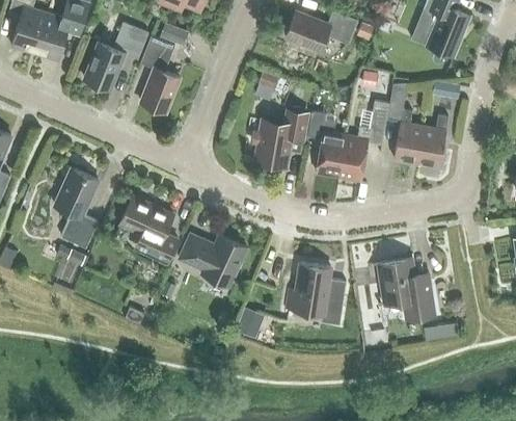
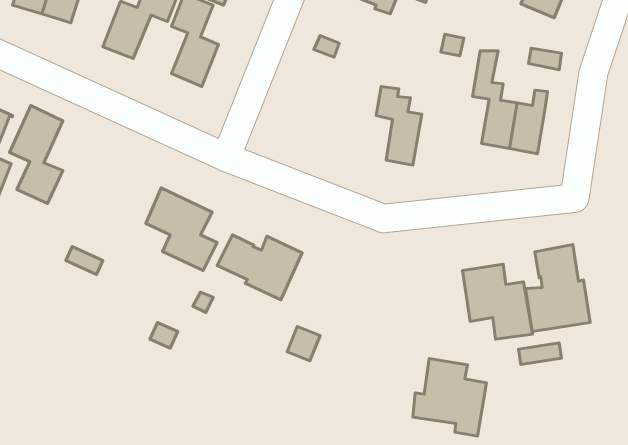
building: [337,101,388,180] -> none
building: [255,110,307,166] -> none
building: [54,167,98,247] -> [9,106,63,203]
building: none -> [525,245,590,331]
building: [286,262,346,325] -> [413,359,486,436]

